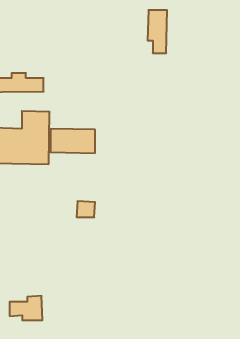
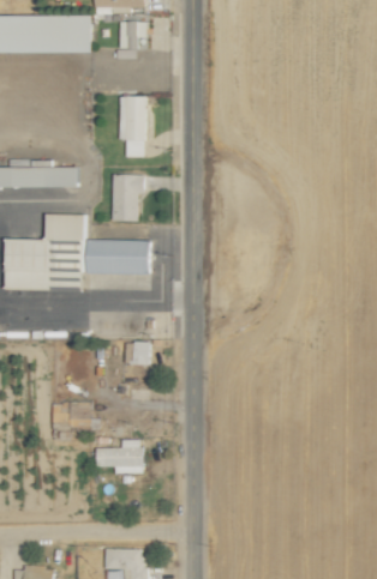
building: [148,10,167,53] -> [119,96,146,157]
building: none -> [112,174,145,221]
building: [10,296,42,320] -> [96,439,143,474]

